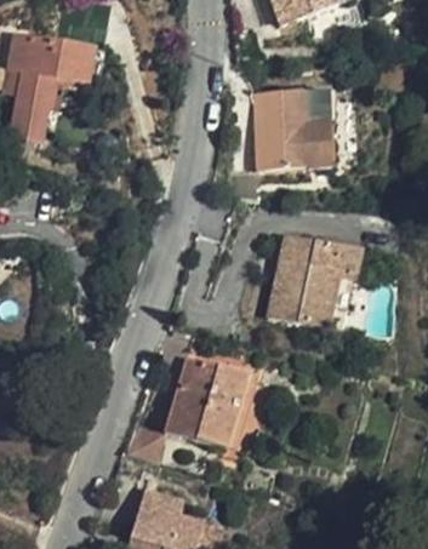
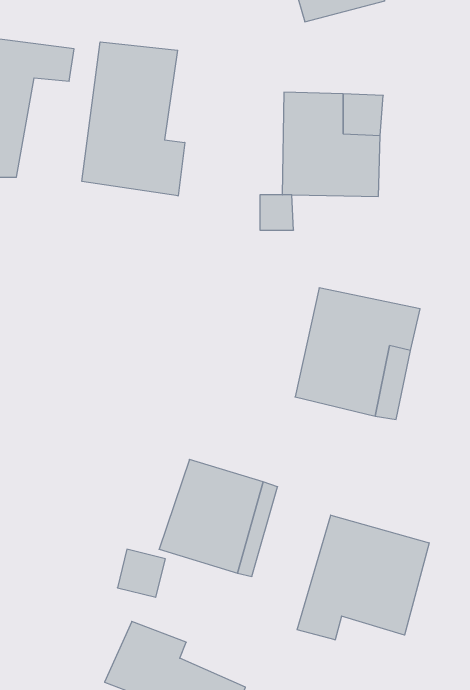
building: none -> [82,42,185,196]
building: none -> [297,515,429,640]

